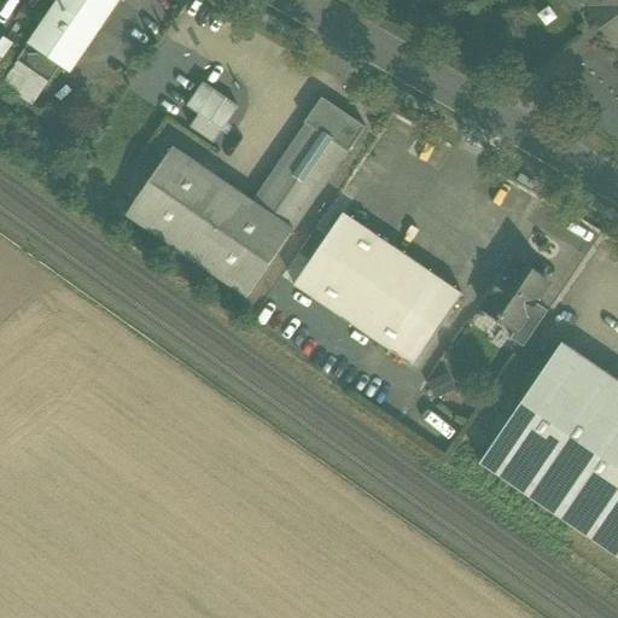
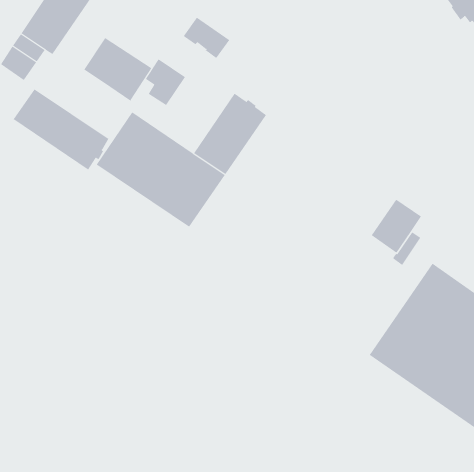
building: none -> [83,37,152,102]
building: [304,95,366,150] -> [183,17,230,59]
building: none -> [13,89,109,170]
building: [295,211,464,365] -> none

